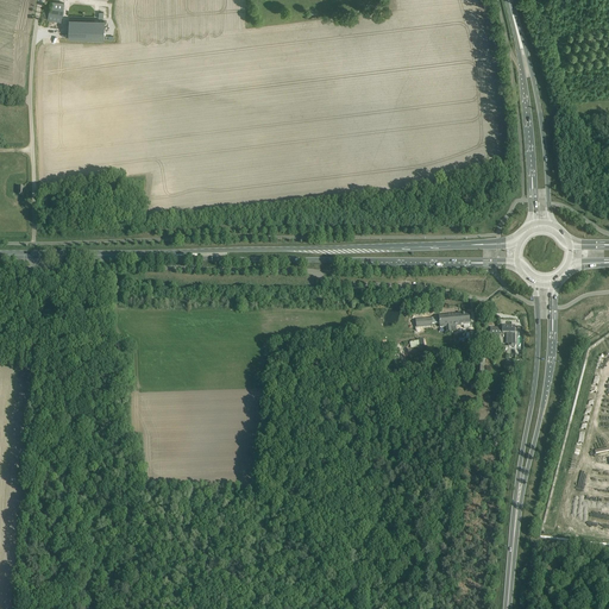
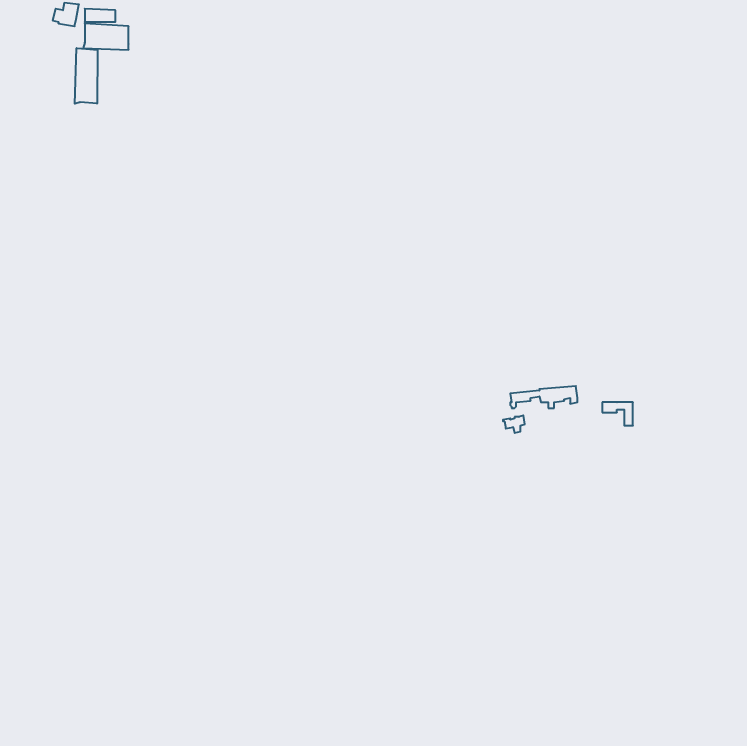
building: none -> [75,48,98,104]

